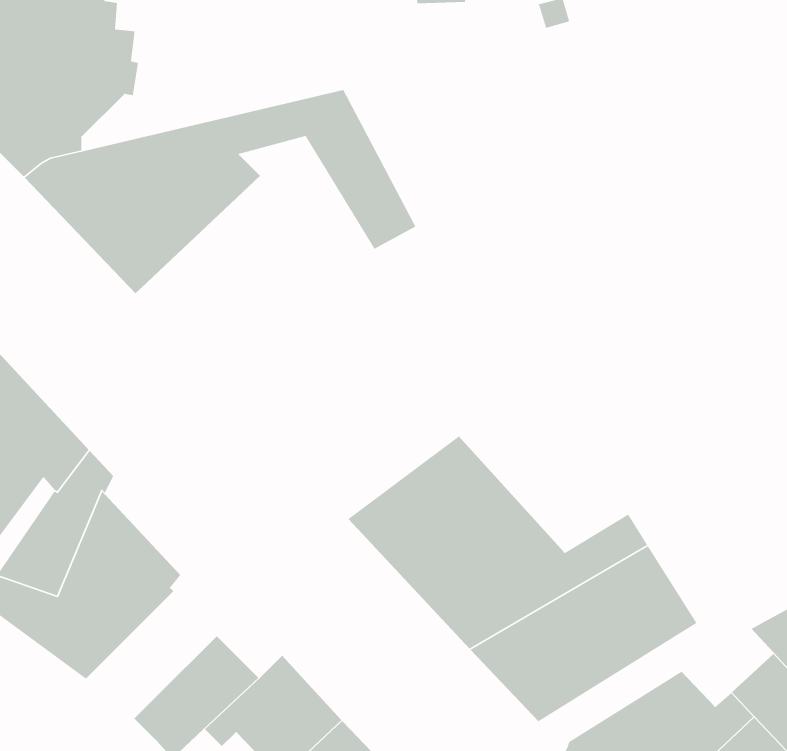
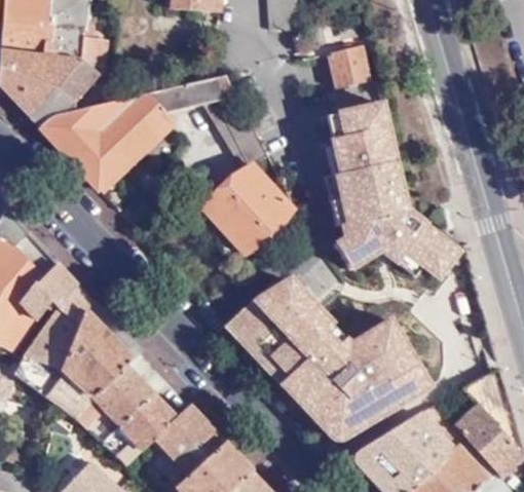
building: none -> [328,44,371,88]
building: none -> [331,101,462,281]
building: none -> [201,163,294,255]
building: none -> [75,367,151,441]

